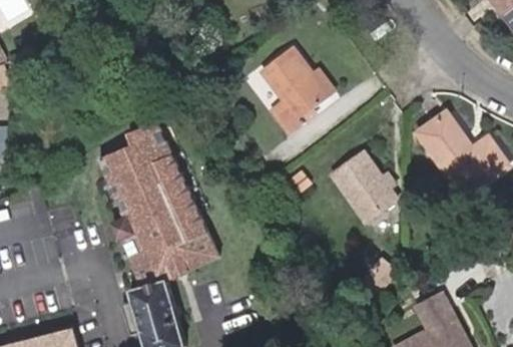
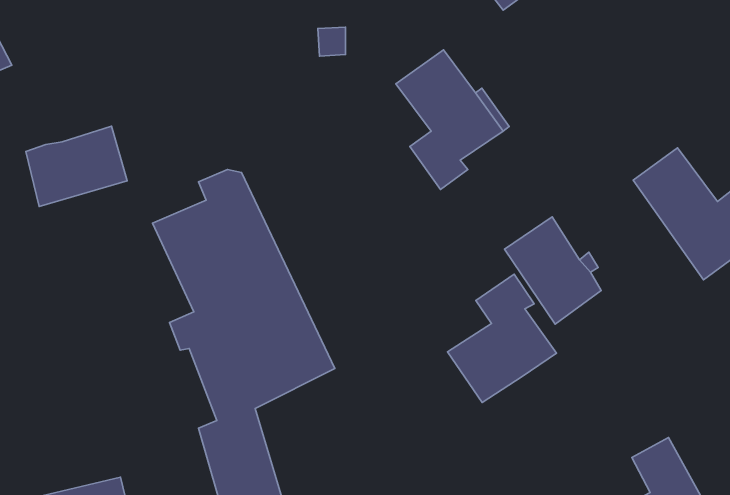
building: none -> [26,126,127,206]
building: none -> [448,274,557,402]

